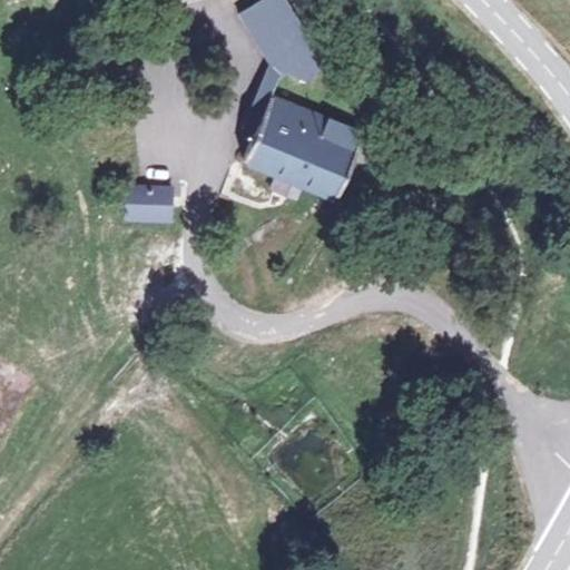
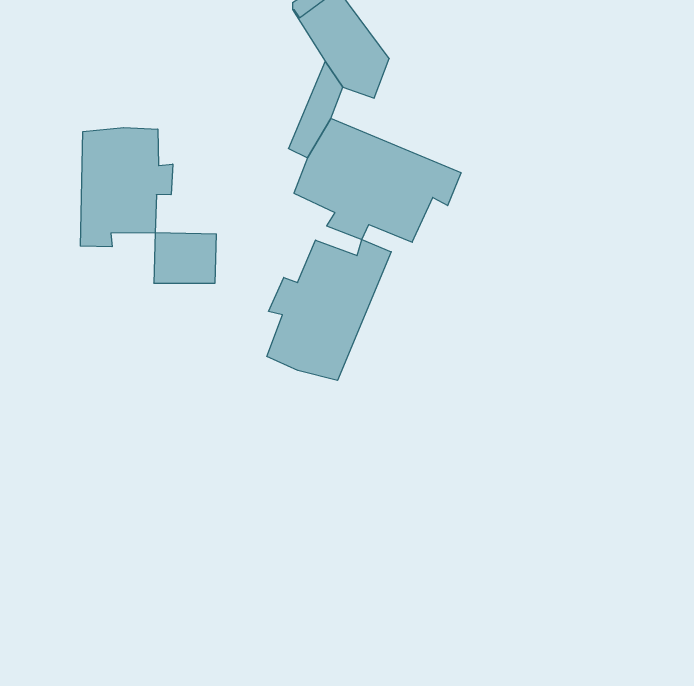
building: none -> [80,128,173,247]
building: none -> [267,240,391,380]

